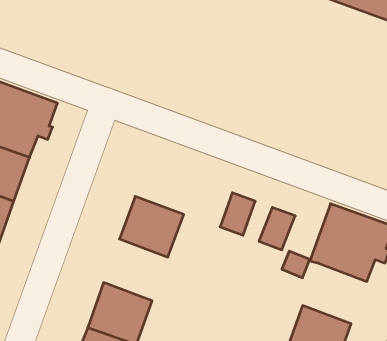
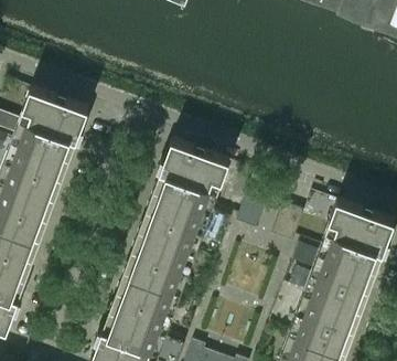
building: none -> [157,141,229,214]
building: none -> [130,234,189,290]
building: none -> [311,256,369,311]

